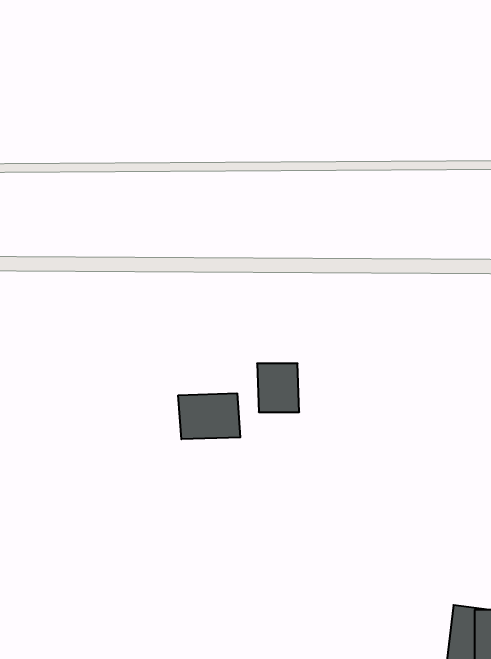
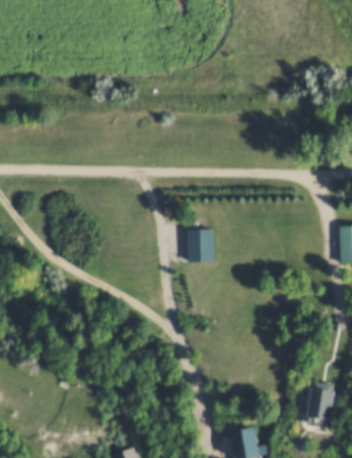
building: [178,393,240,439] -> none

